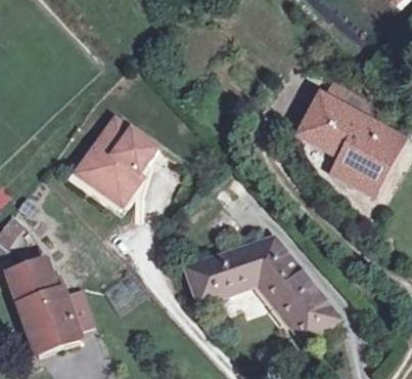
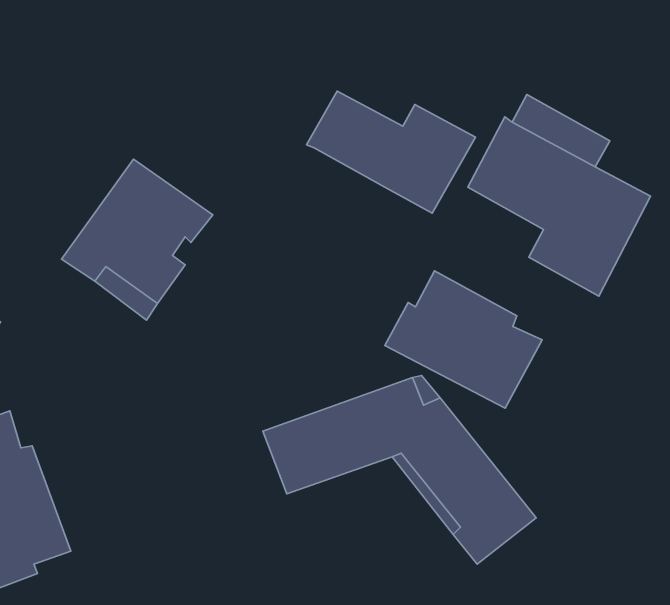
building: none -> [307,91,476,213]
building: none -> [385,271,542,408]

